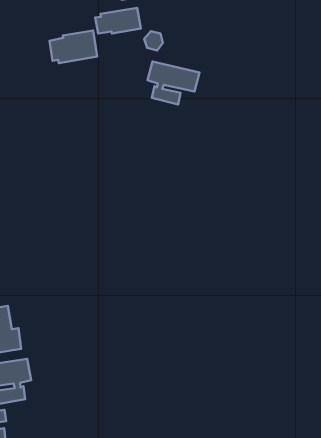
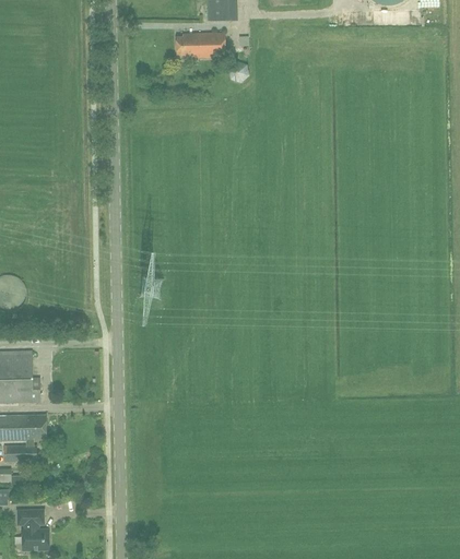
building: [49,30,97,63] -> none
building: [147,61,200,104] -> none

